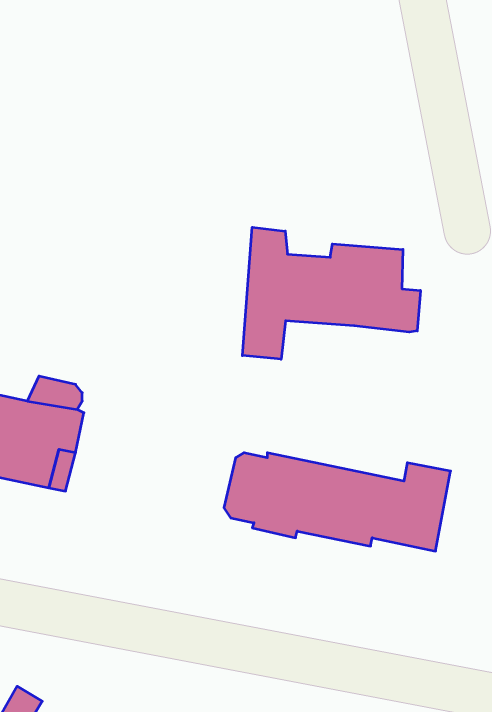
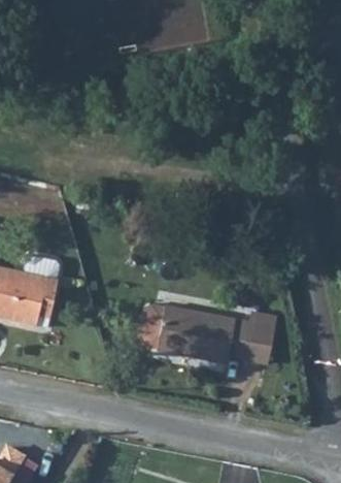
building: [242,227,420,359] -> none

